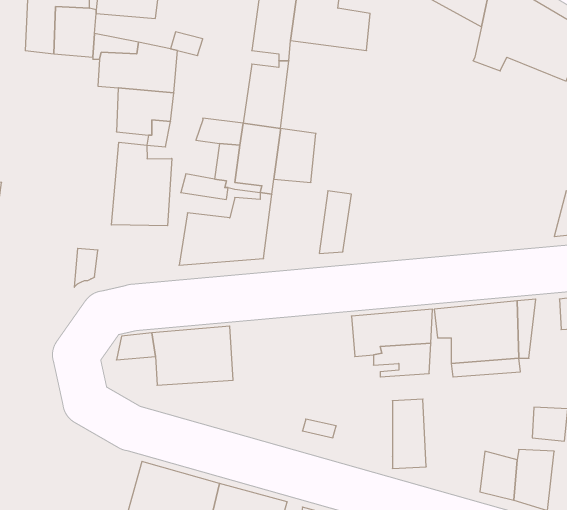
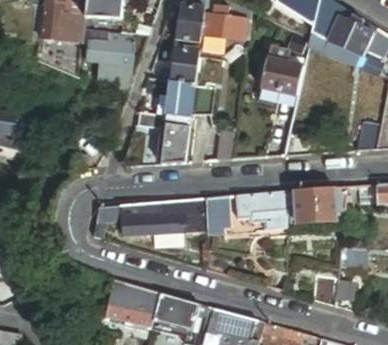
building: none -> [261,56,304,94]
building: [111,142,172,226] -> none
building: none -> [164,199,200,234]
building: [392,399,426,468] -> [205,197,225,238]

